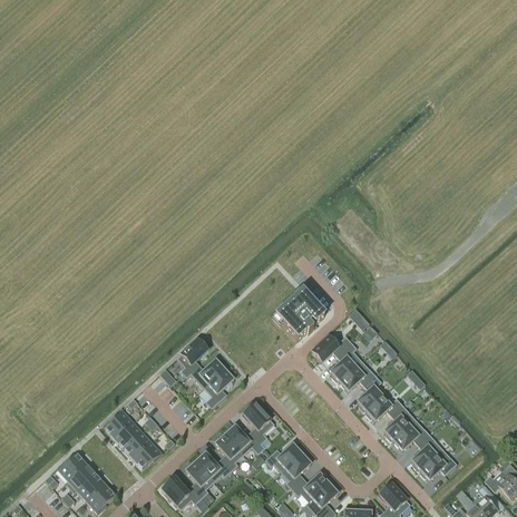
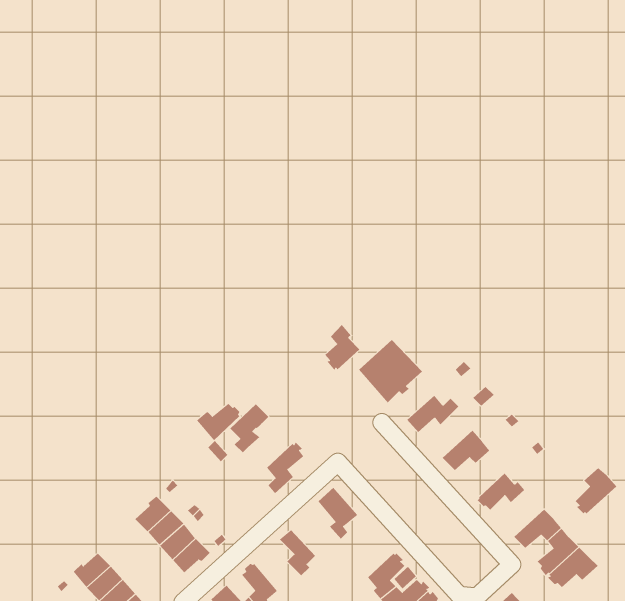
building: none -> [325,324,360,371]
building: [329,342,361,382] -> none
building: [191,360,224,389] -> [196,403,240,441]
building: [357,375,386,411] -> none
building: [383,406,416,441] -> [575,467,617,514]
building: [223,426,264,456] -> none
building: [264,443,301,472] -> none
building: [194,452,231,482] -> none

